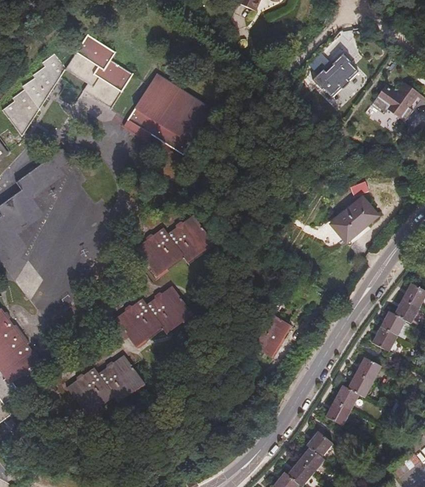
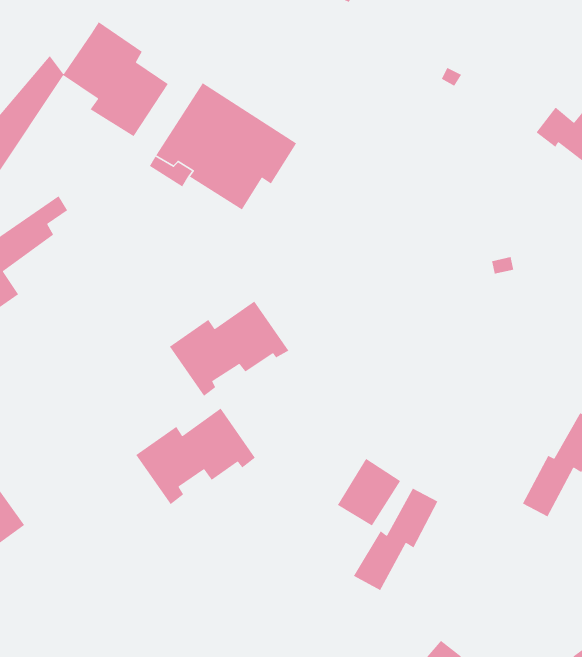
building: [311,61,357,104] -> none
building: [326,205,374,250] -> none
building: [65,352,144,416] -> none
building: [320,362,376,430] -> [353,487,438,591]

